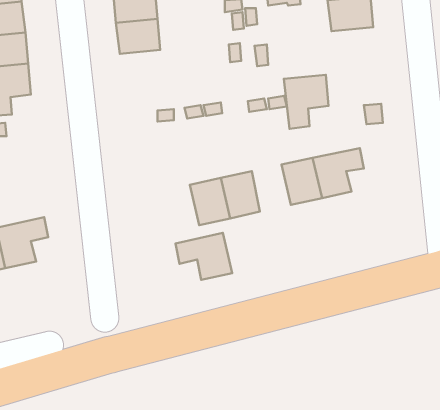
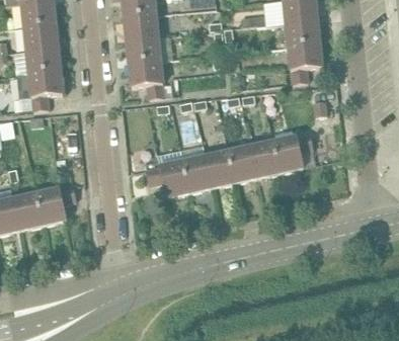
building: none -> [129,60,163,97]
building: [284,75,328,129] -> [288,42,321,83]
building: none -> [228,146,257,181]
building: [176,233,232,280] -> [146,161,188,196]

